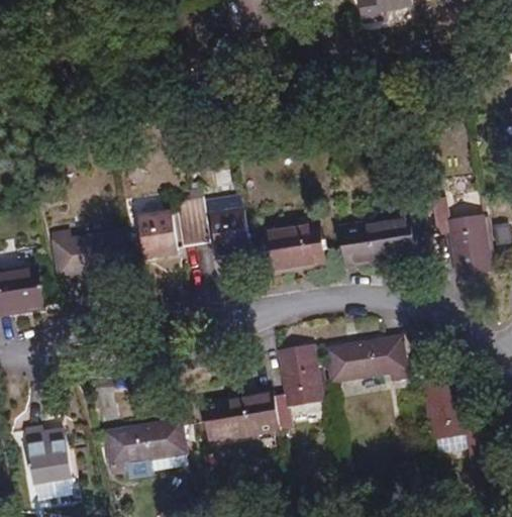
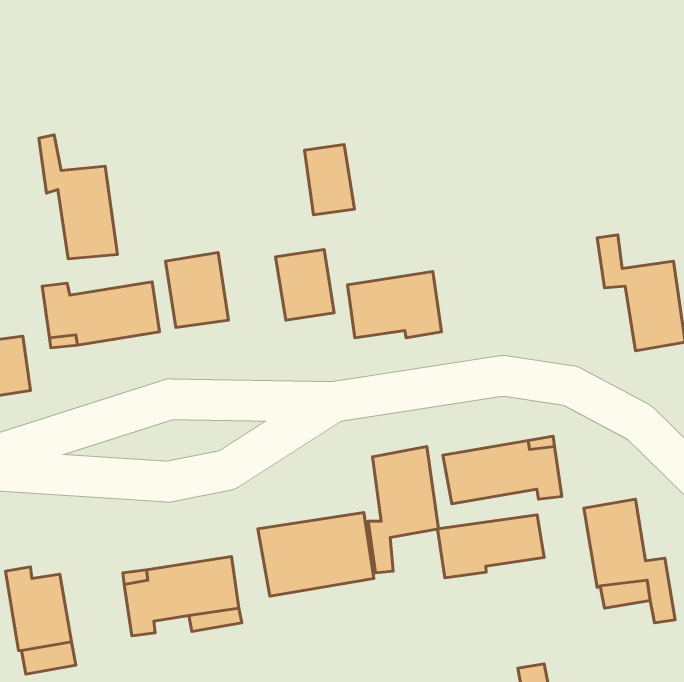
building: none -> [39,135,118,259]
building: [177,197,211,245] -> [305,144,354,215]
building: [339,215,417,265] -> none
building: none -> [438,515,544,578]

